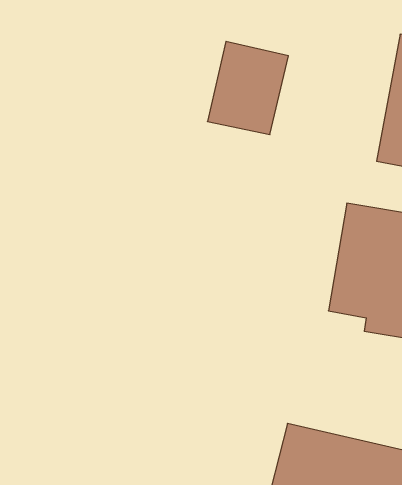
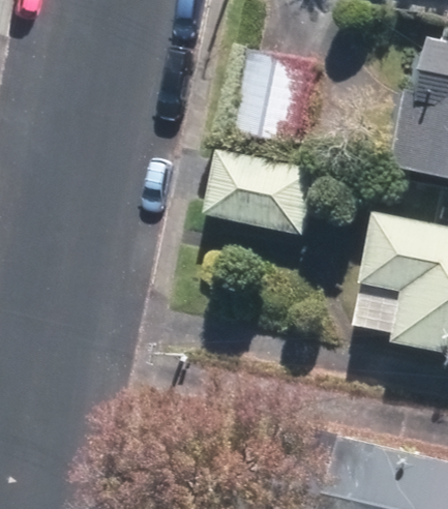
building: none -> [202,152,321,232]

